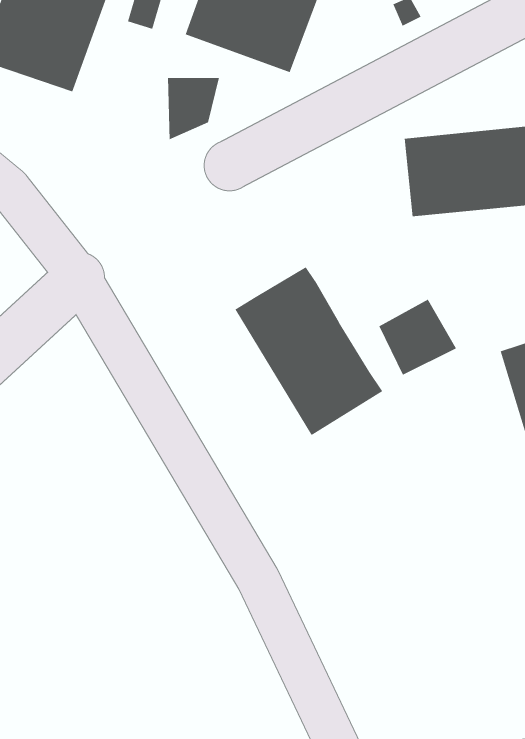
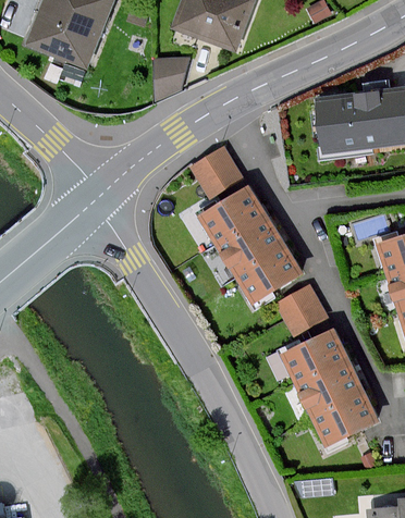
building: none -> [191,145,249,207]
building: [379,299,457,376] -> [277,284,330,336]
building: none -> [282,330,375,443]

